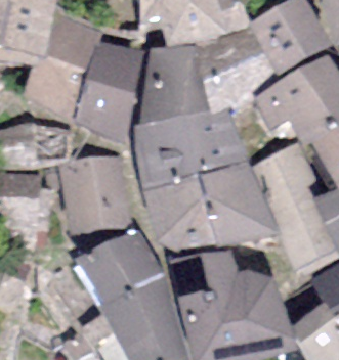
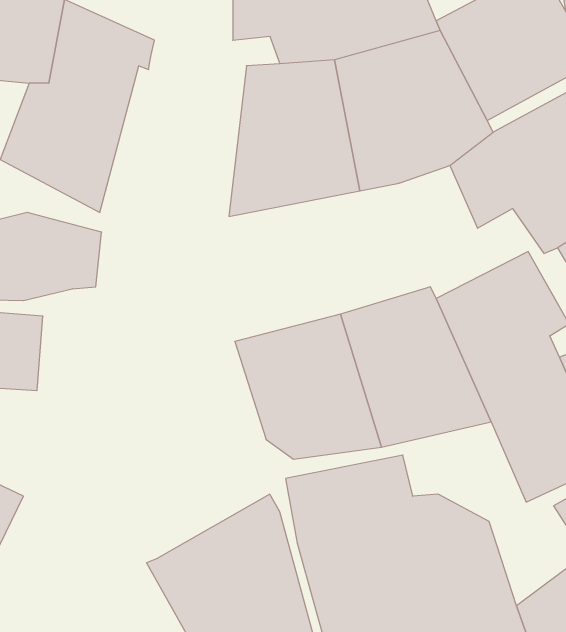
building: [72,41,143,142] -> none
building: [134,106,245,189] -> none
building: [57,153,130,235] -> none
building: [73,228,161,303] -> none

